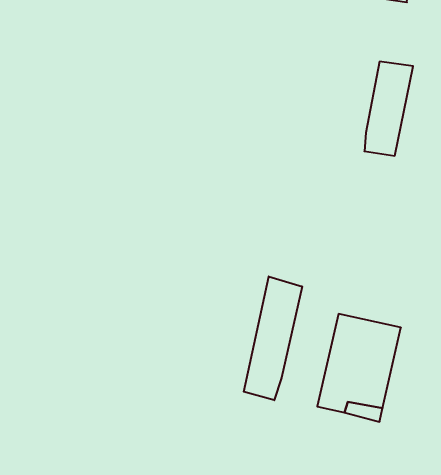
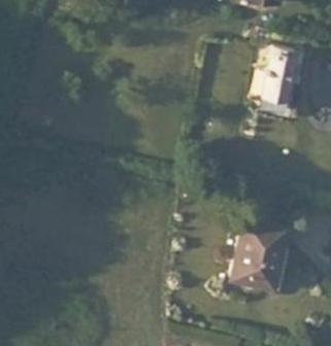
building: [244,276,302,400] -> none

